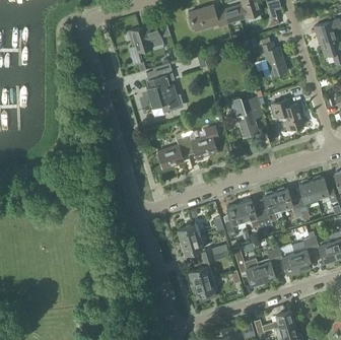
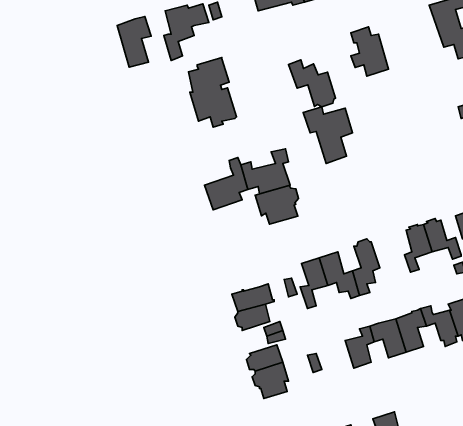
building: none -> [117,16,151,67]
building: none -> [289,60,335,107]
building: [272,99,304,131] -> none
building: none -> [255,185,298,224]
building: [275,187,303,219] -> none
building: [233,248,263,284] -> none

